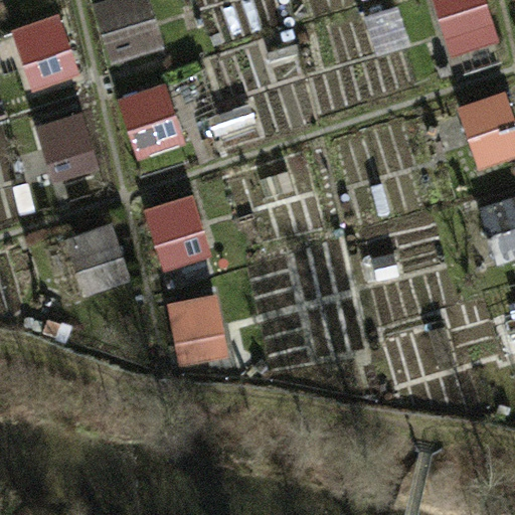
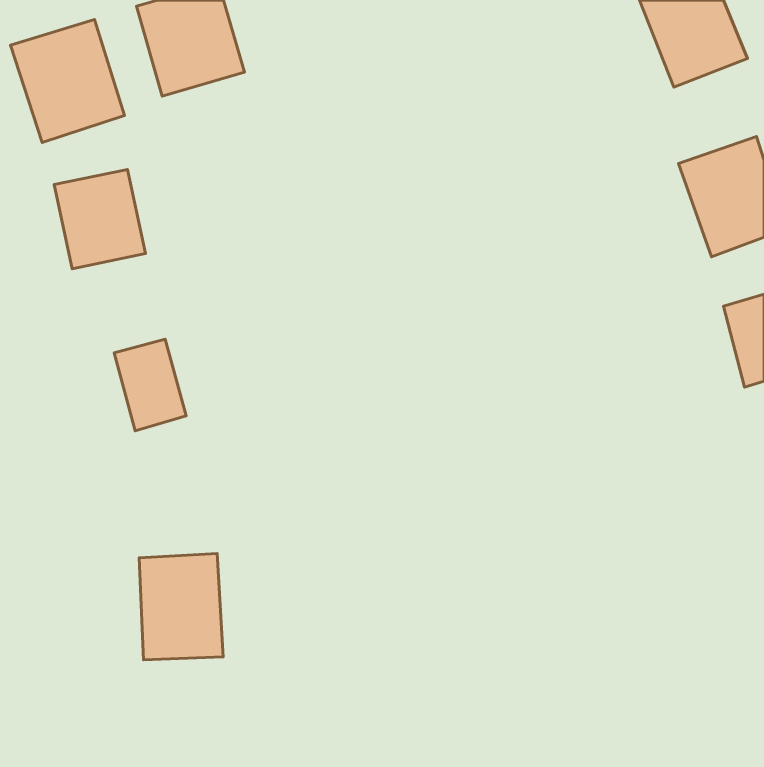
building: [118,83,186,161] -> none
building: [141,192,209,266] -> none
building: [171,295,227,366] -> [139,553,223,660]

